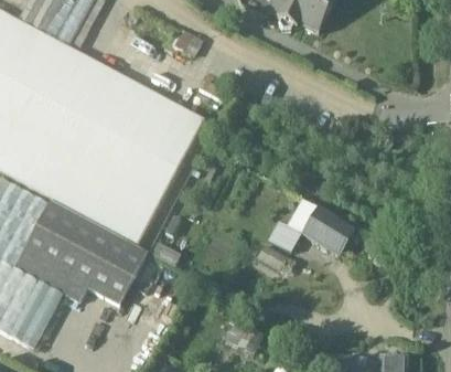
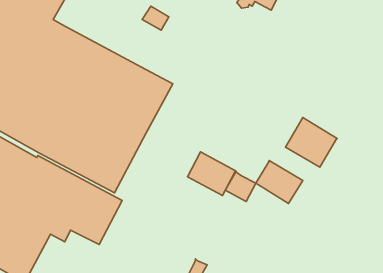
building: none -> [286,118,337,167]
building: none -> [187,152,236,195]

